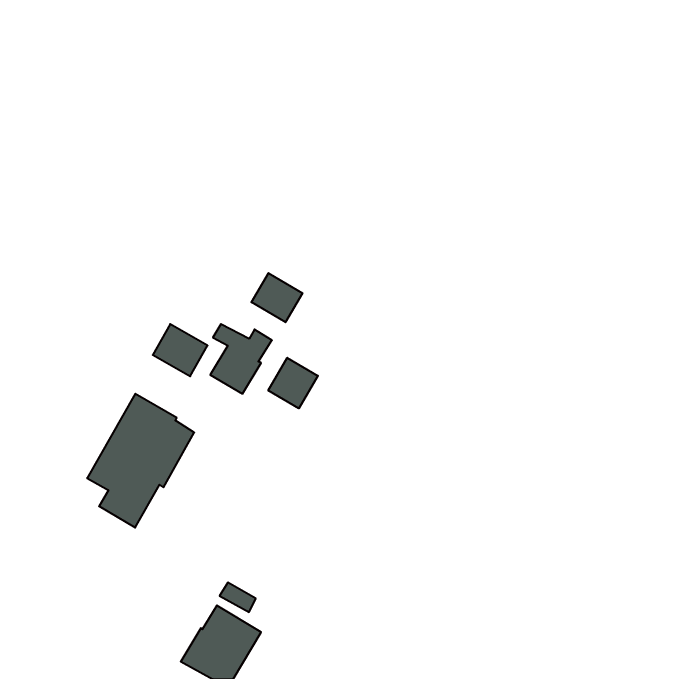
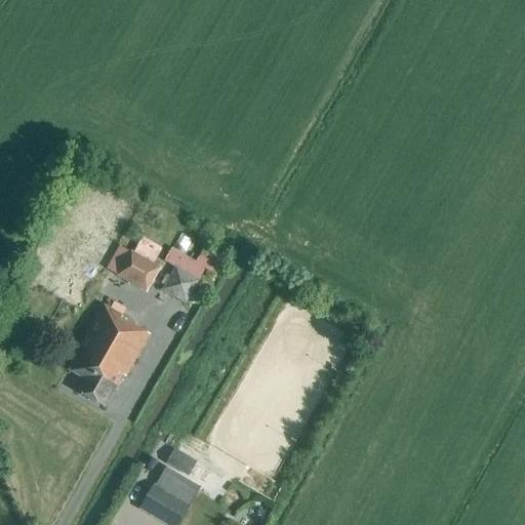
building: [251,273,302,322] -> none
building: [268,358,318,408] -> none

